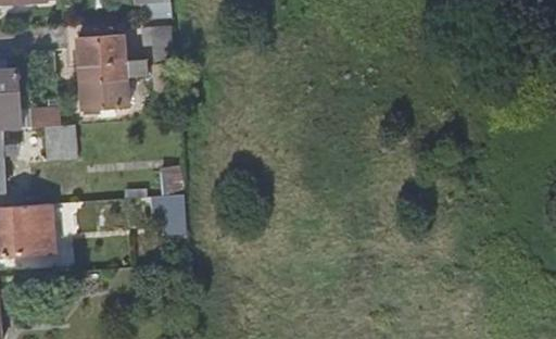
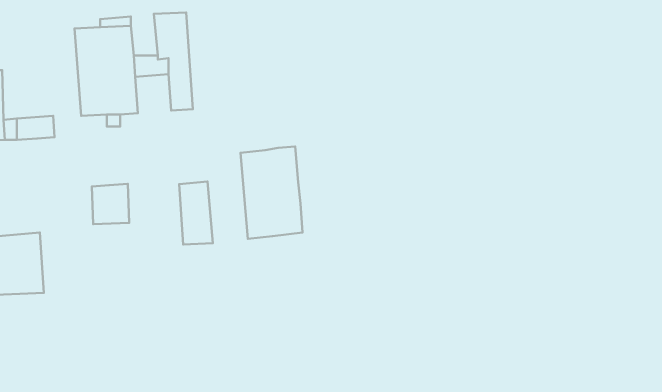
building: [47,125,77,158] -> [92,184,129,224]
building: none -> [240,147,303,239]

